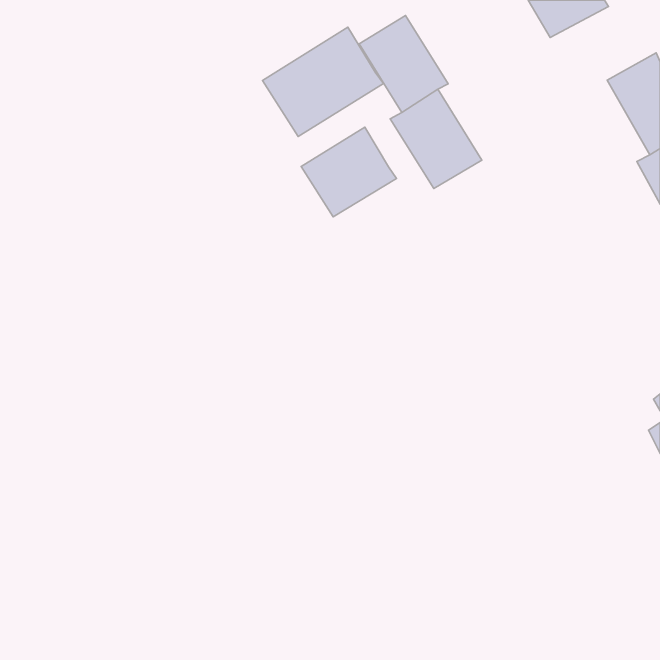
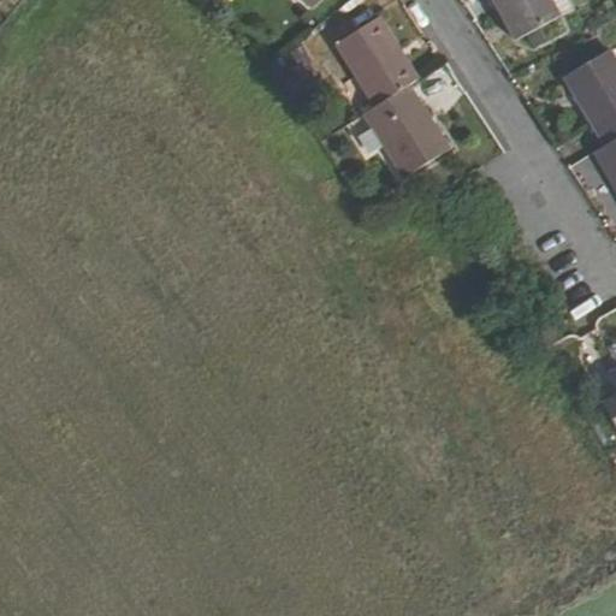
building: [262,27,384,137] -> none
building: [301,127,397,217] -> none

